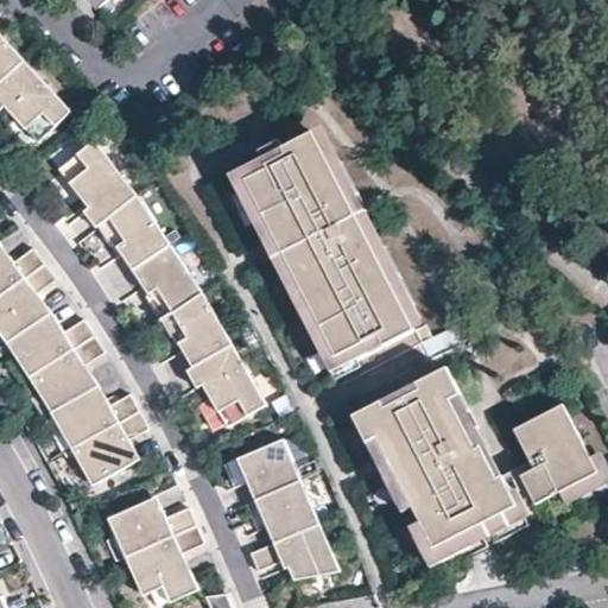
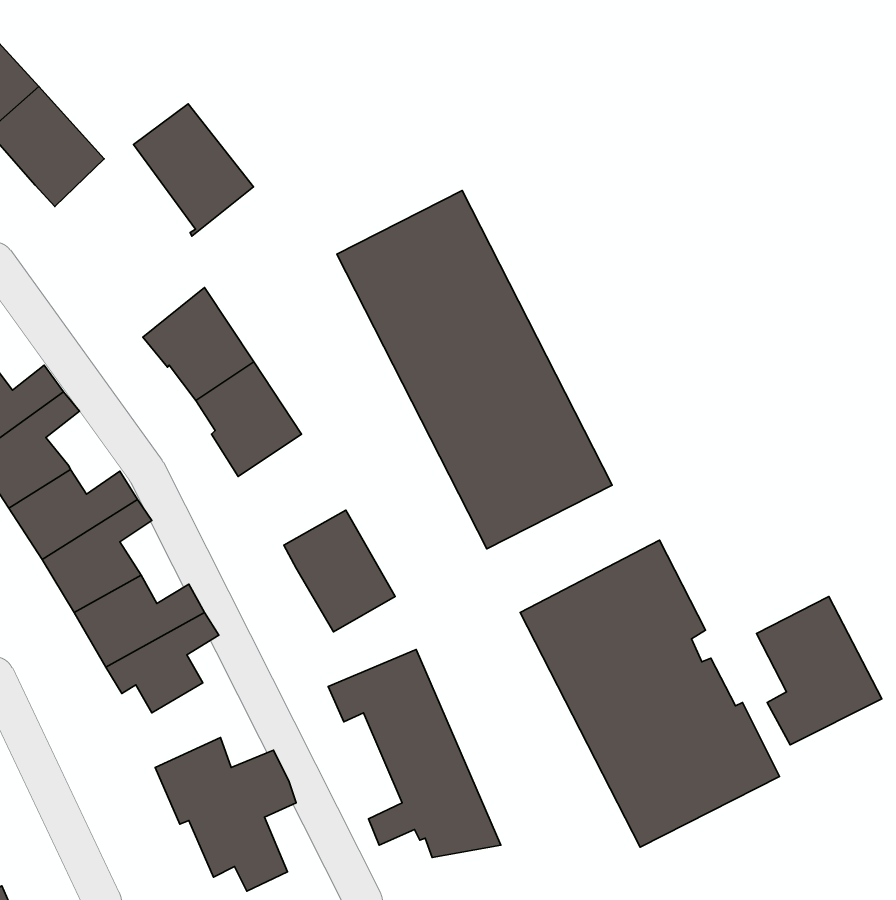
building: [57,139,138,228] -> [134,104,254,236]
building: [160,293,233,368] -> none

